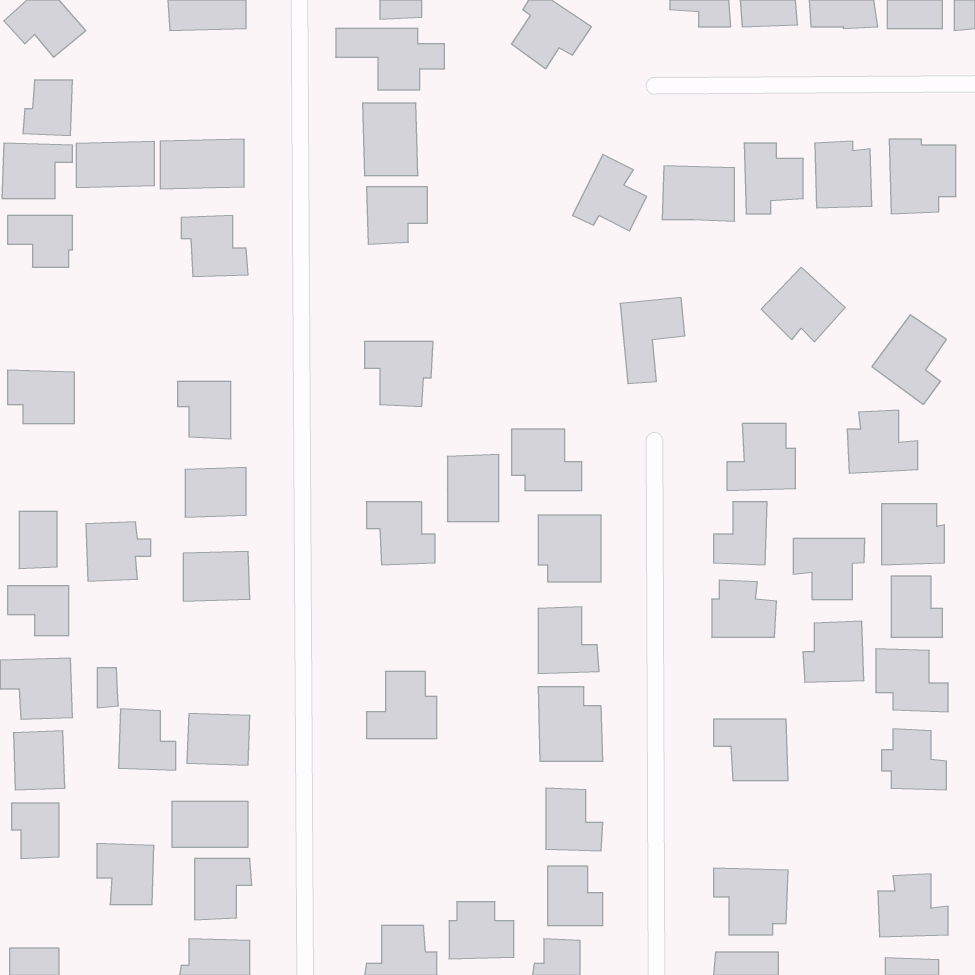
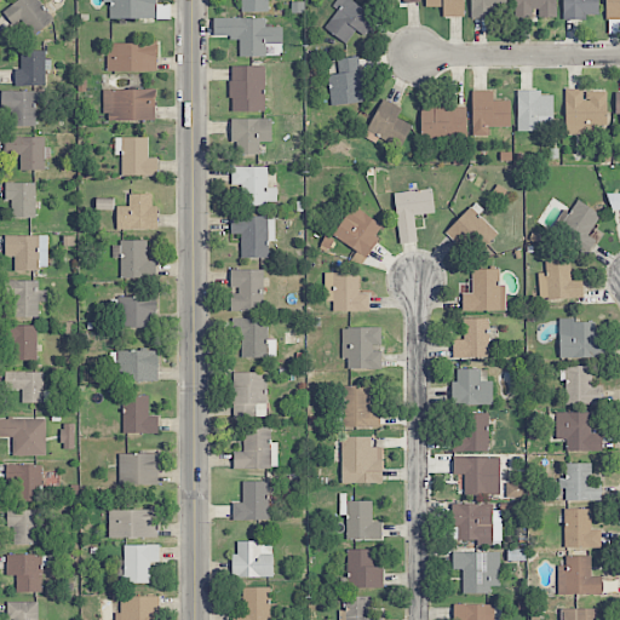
building: none -> [328,57,366,105]
building: [76,142,154,187] -> [107,42,156,71]
building: none -> [230,166,276,205]
building: [761,267,845,342] -> [446,206,499,253]
building: none -> [5,183,35,218]
building: none -> [116,194,157,230]
building: none -> [333,206,383,265]
building: [447,455,499,521] -> [230,269,263,311]
building: [86,522,151,581] -> [6,280,47,317]
building: [794,538,865,600] -> none
building: none -> [232,372,266,418]
building: [803,621,864,682] -> [450,413,489,452]
building: [118,709,176,770] -> [122,395,159,434]
building: none -> [232,481,269,519]
building: none -> [452,504,501,544]
building: none -> [566,509,601,547]
building: [97,844,154,905] -> [6,553,42,592]
building: [449,902,514,959] -> [231,541,272,578]

